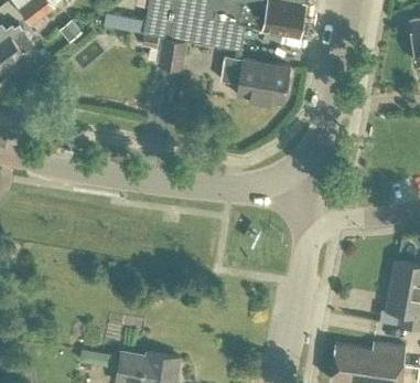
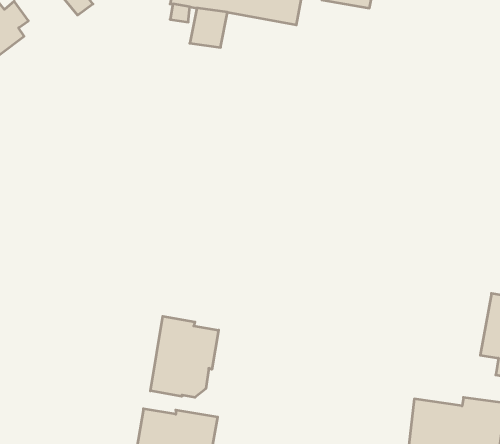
building: [220,55,290,104] -> none
building: none -> [150,316,219,397]

